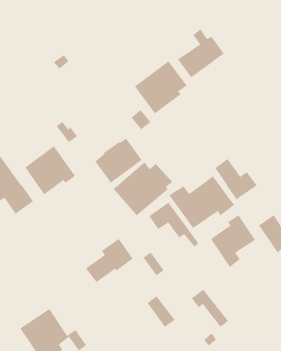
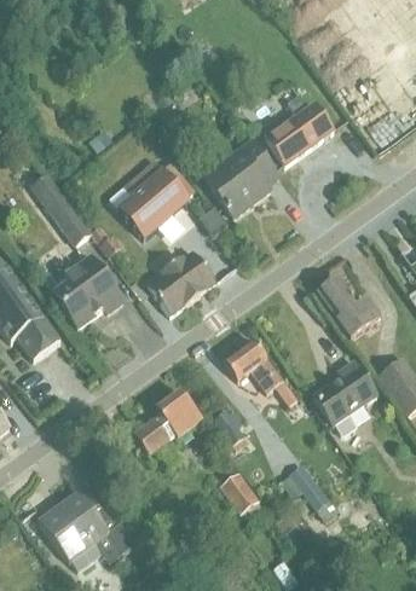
building: none -> [33,178,89,248]
building: [113,161,173,216] -> [110,158,196,237]
building: [169,176,235,229] -> none

